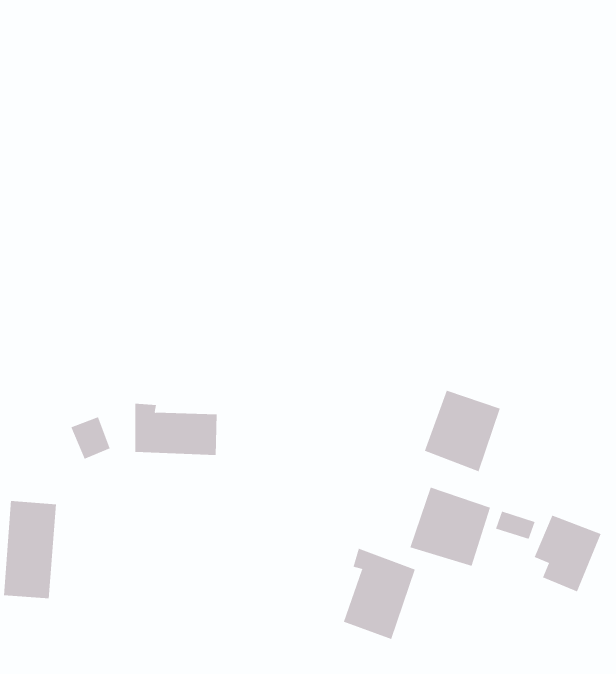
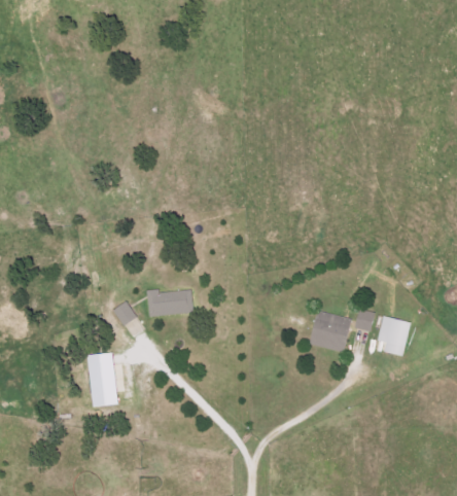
building: [424,390,501,472] -> none
building: [343,548,416,640] -> none

